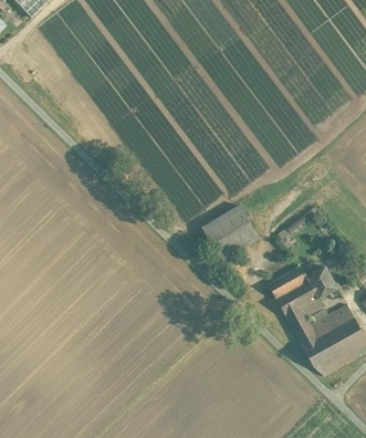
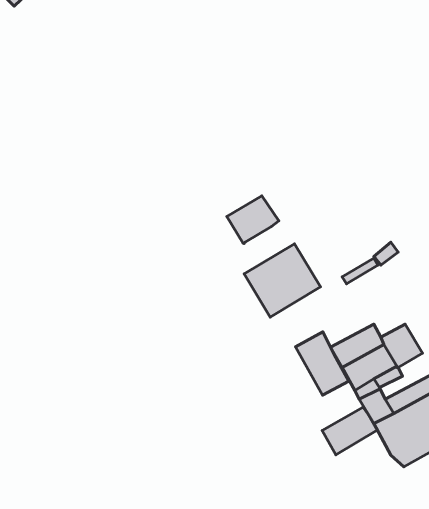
building: none -> [227,196,279,244]
building: none -> [295,332,349,395]
building: none -> [322,407,377,455]

